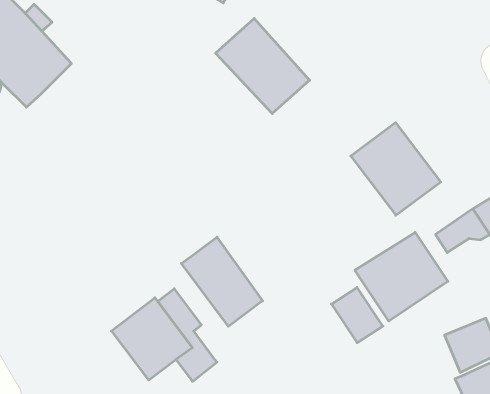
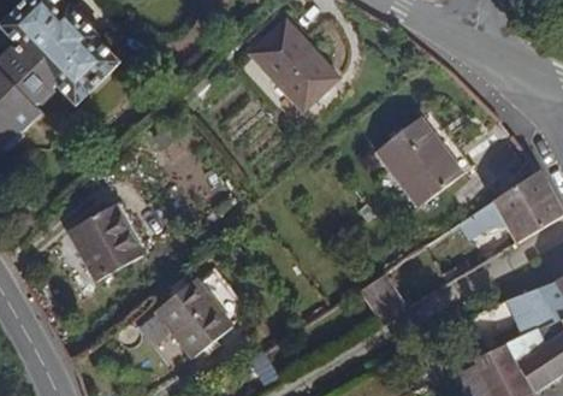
building: none -> [69,202,144,279]
building: [355,232,448,321] -> none
building: [181,237,263,326] -> none

